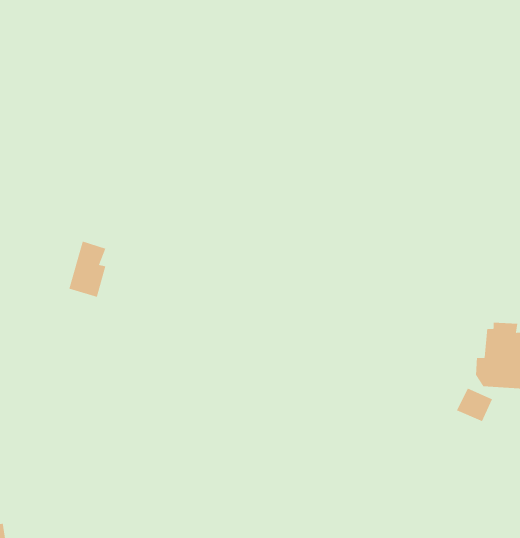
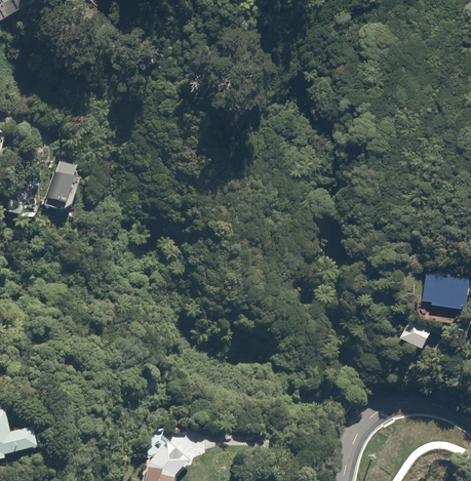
building: [68,241,106,298] -> [45,161,76,207]

